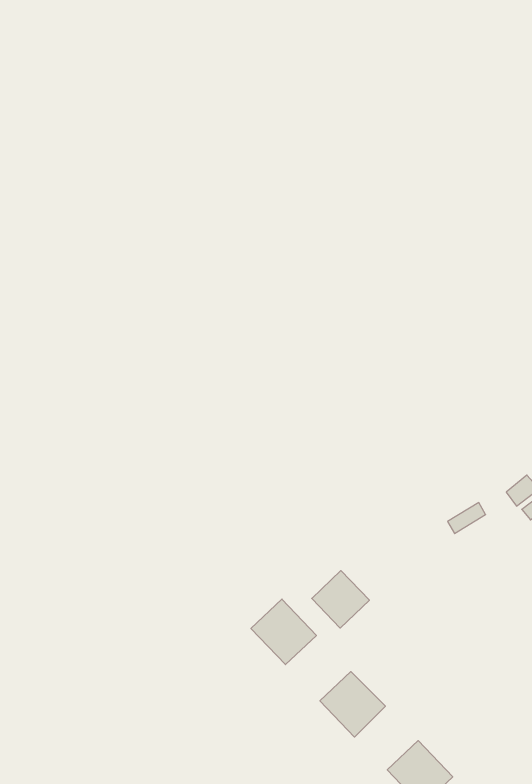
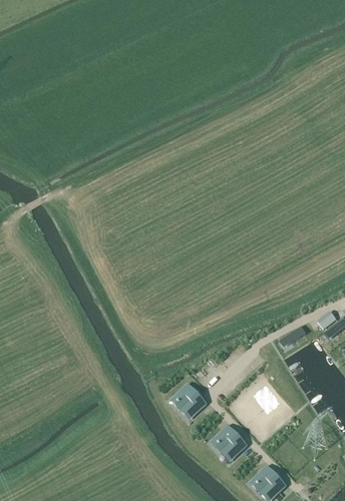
building: [312,571,369,628] -> none

